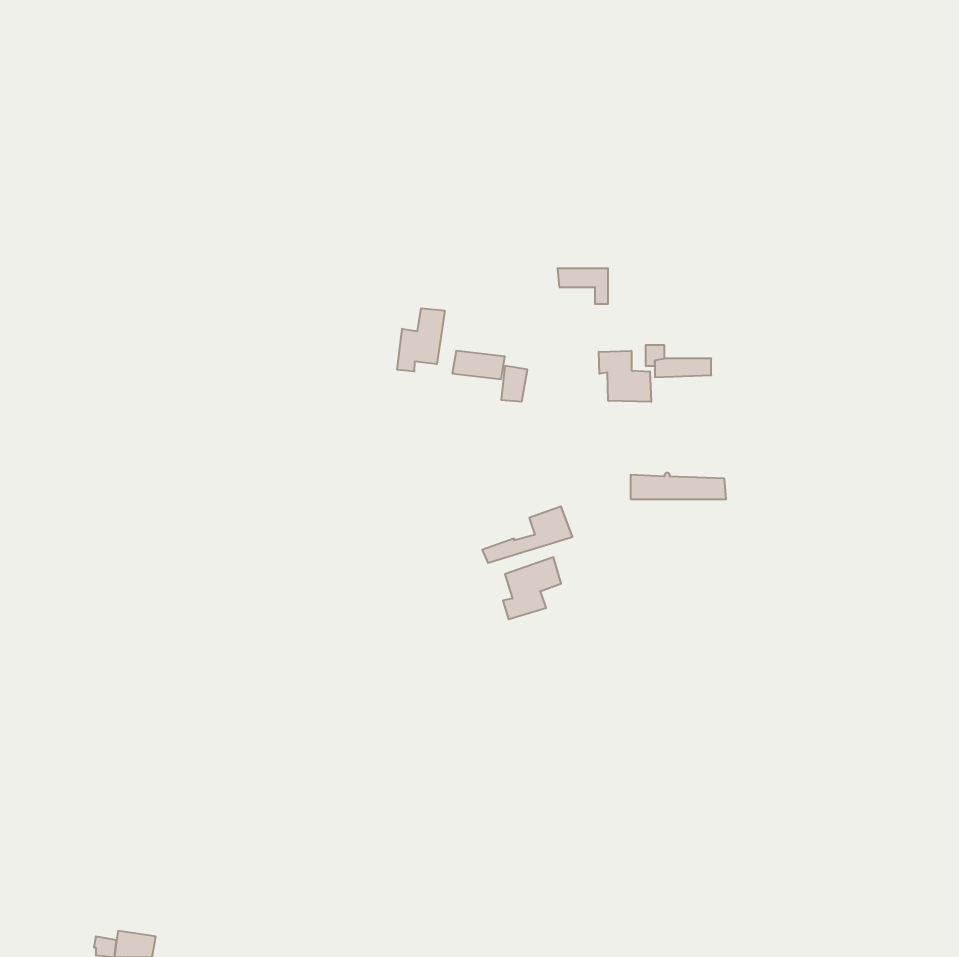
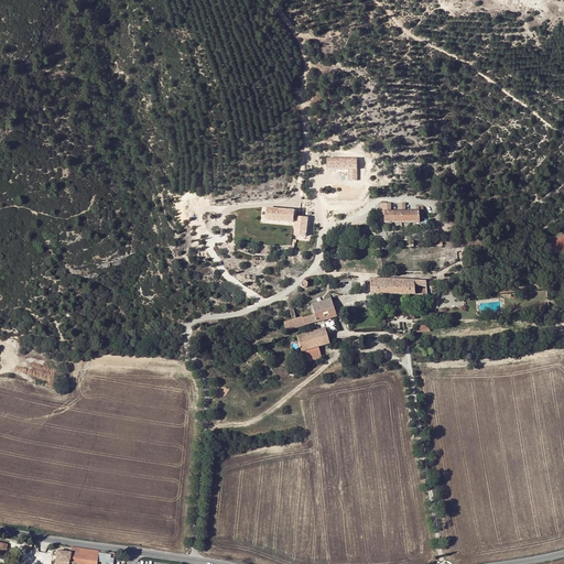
building: [397,308,445,372] -> none
building: [599,351,651,402] -> none

